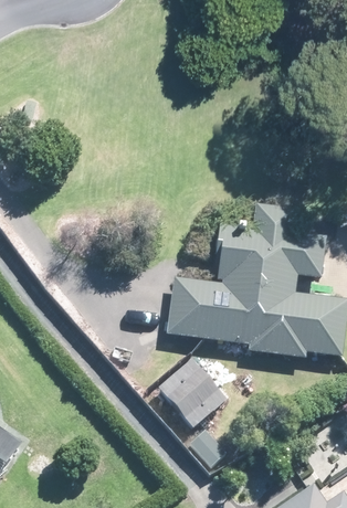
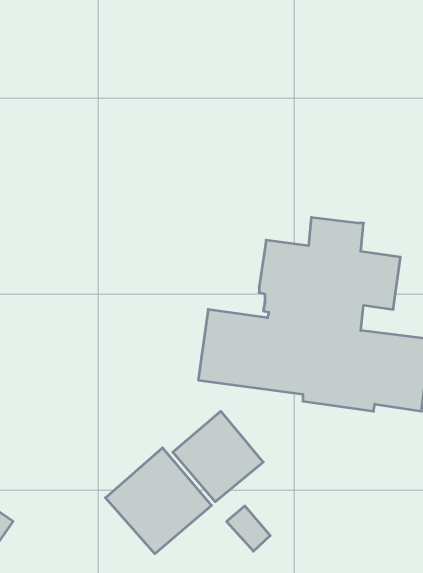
building: none -> [105,448,212,554]

